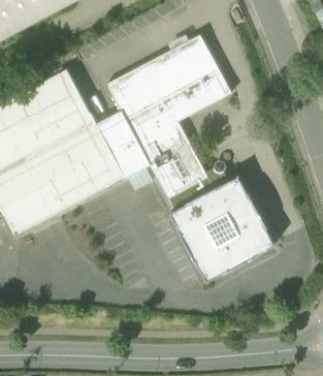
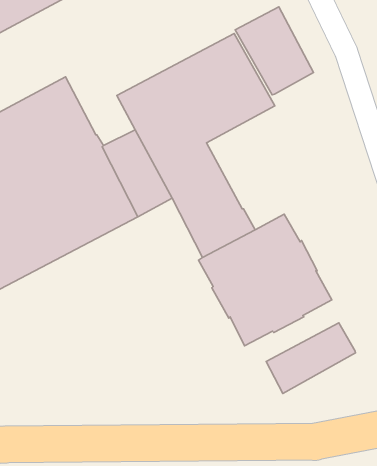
building: none -> [235,7,314,95]
building: none -> [266,323,355,393]

